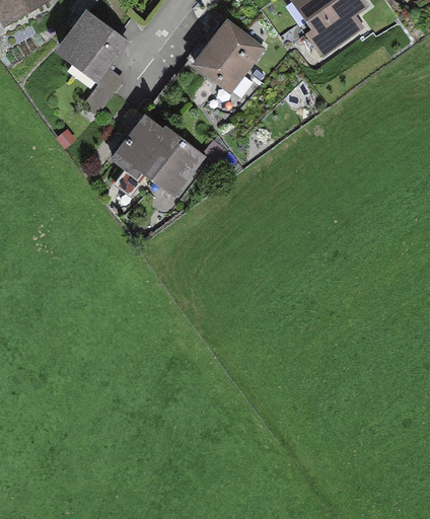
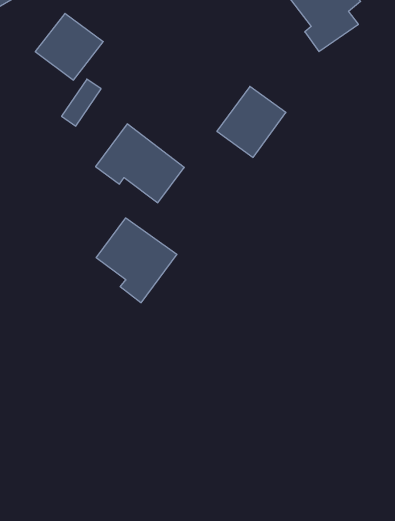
building: [195,22,259,88] -> [217,86,286,157]
building: none -> [96,218,177,303]

